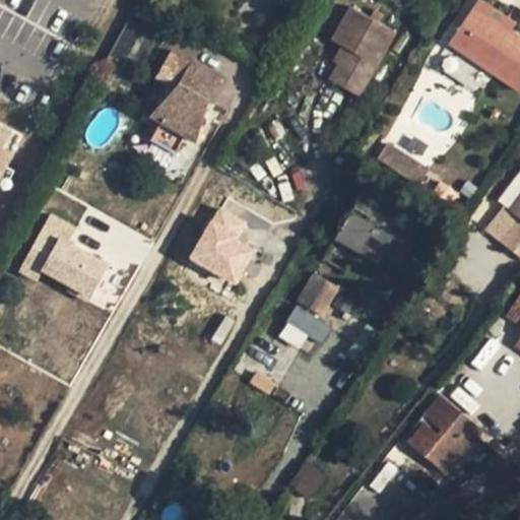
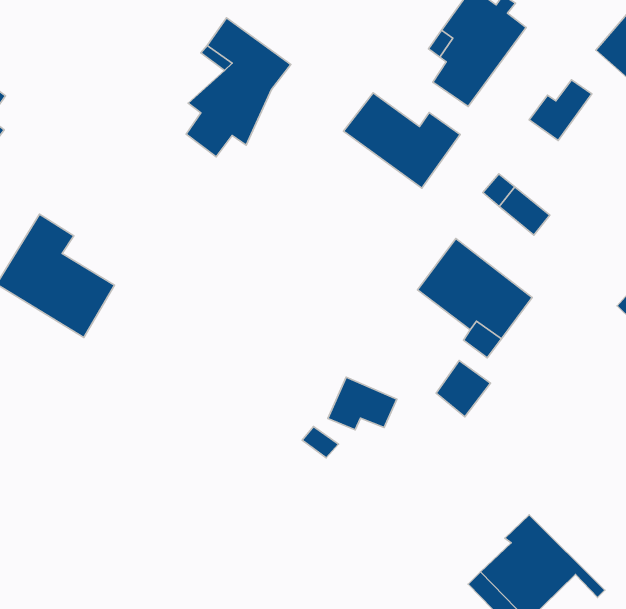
building: none -> [529,80,592,140]
building: none -> [343,93,460,188]
building: [189,205,254,284] -> none
building: [299,274,338,316] -> [436,361,491,417]

